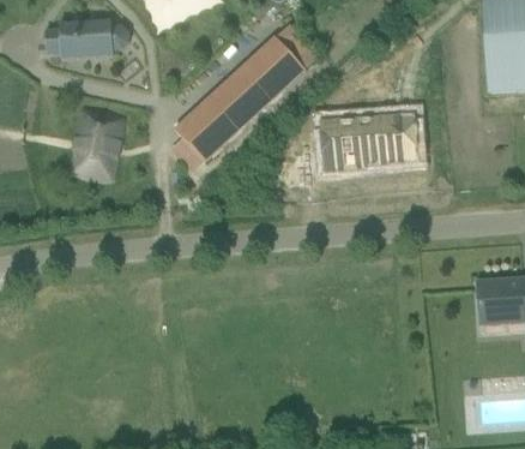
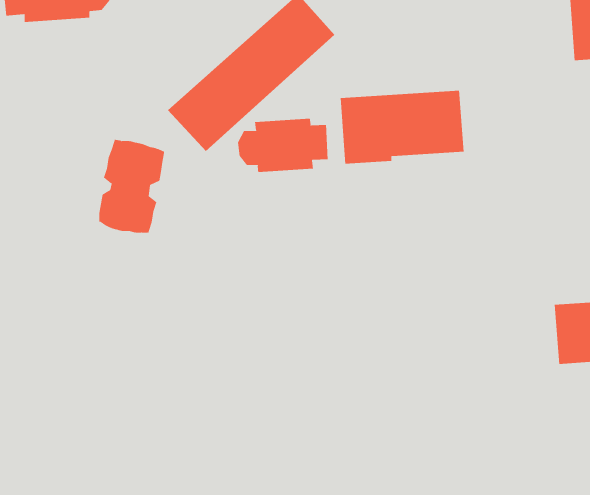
building: [72,106,123,179] -> [99,139,165,233]
building: none -> [238,118,328,173]

